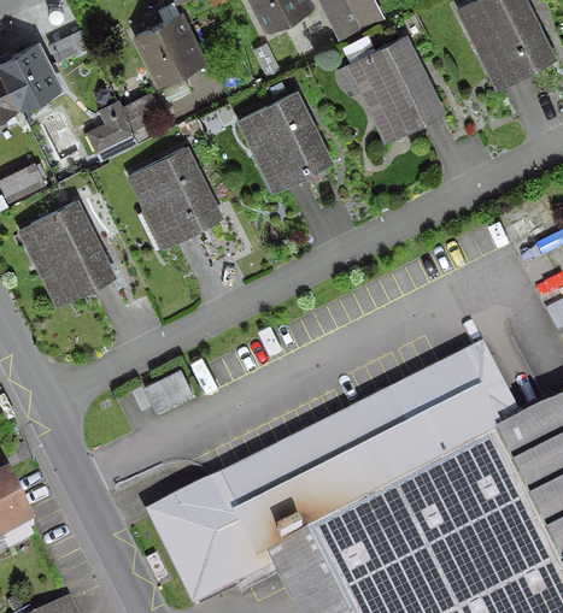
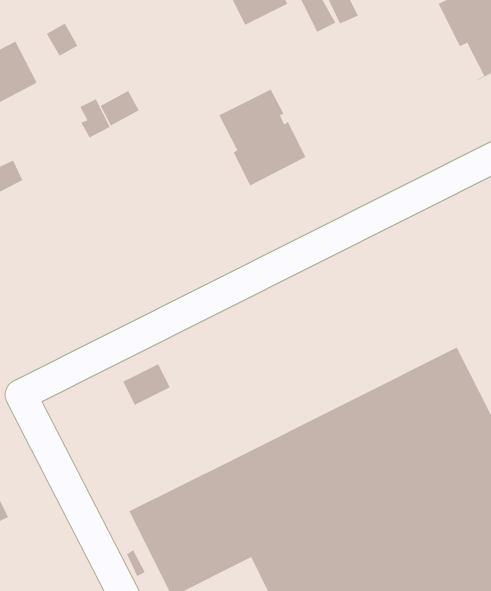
building: [135,14,203,83] -> none
building: [344,36,440,138] -> none
building: [130,148,218,247] -> none
building: [30,202,111,302] -> none

